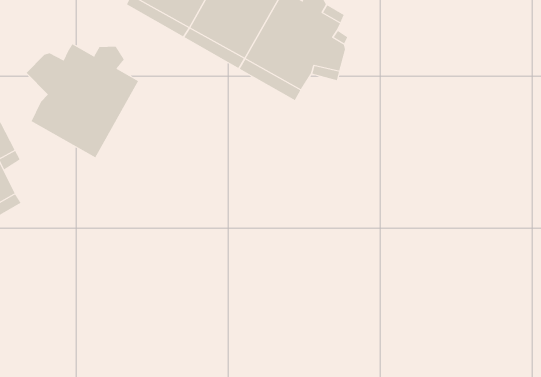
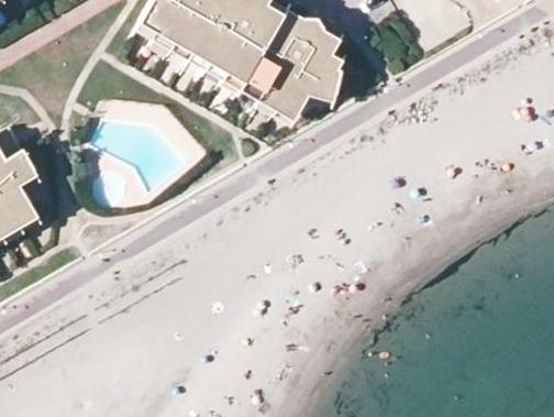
building: [26,44,139,158] -> none

